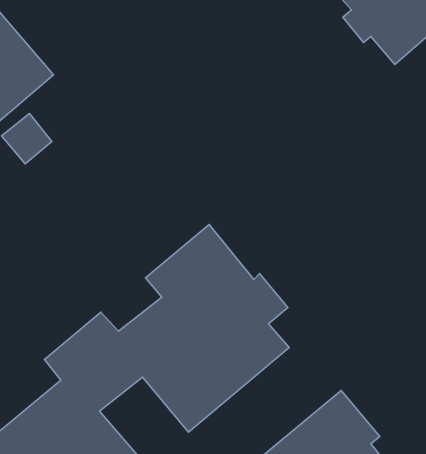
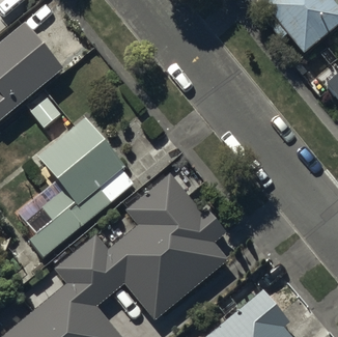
building: none -> [30,117,126,256]

